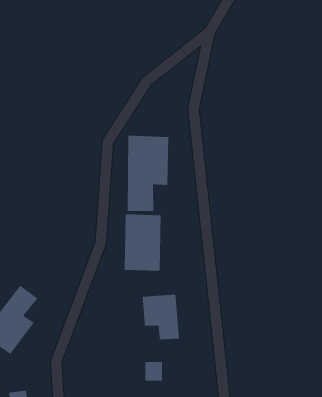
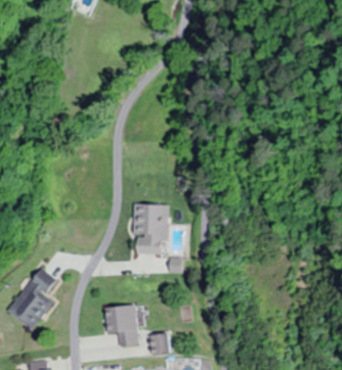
building: [127,135,169,212] -> none
building: [142,294,180,340] -> [105,305,139,345]

